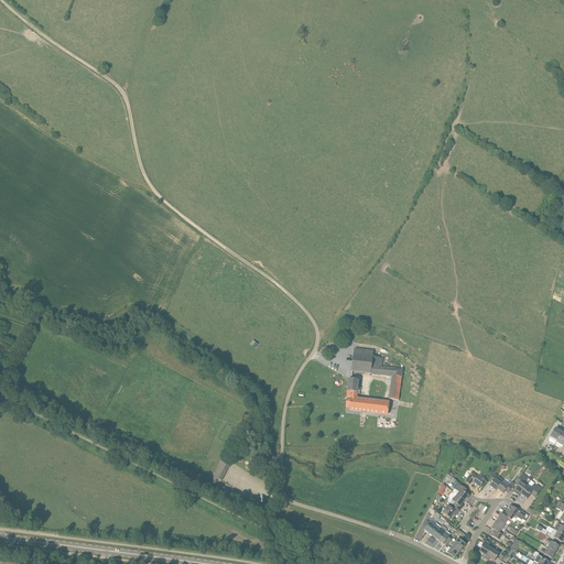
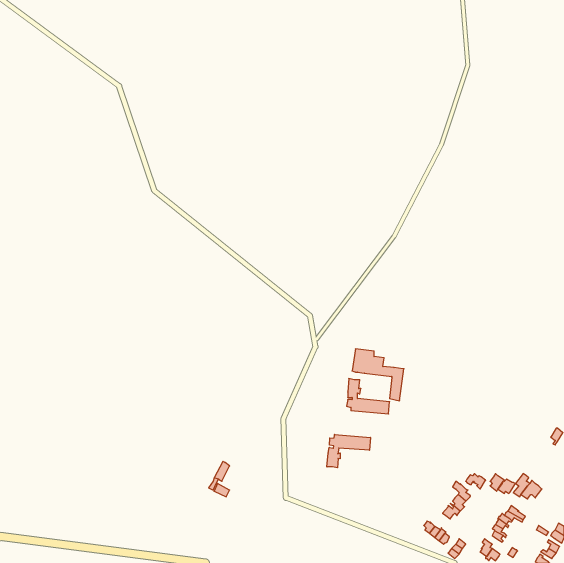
building: none -> [327,434,370,468]

